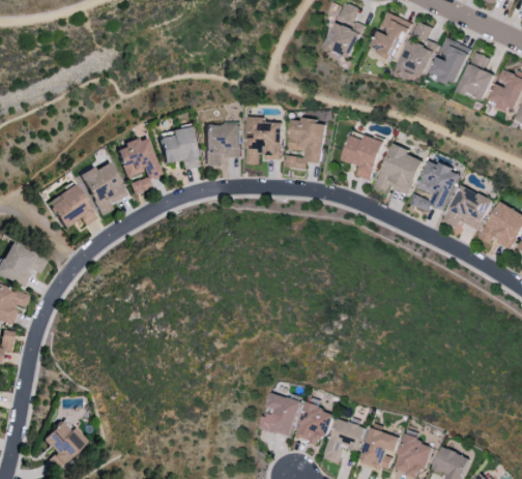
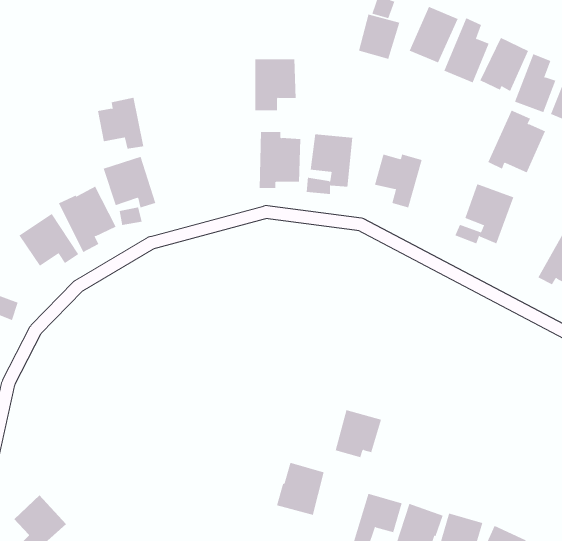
building: [204,124,239,168] -> [254,59,297,111]
building: [158,126,198,170] -> [97,97,144,149]
building: [374,142,423,194] -> [488,110,546,173]
building: [443,184,492,230] -> none
building: [295,402,335,443] -> [335,409,382,458]

